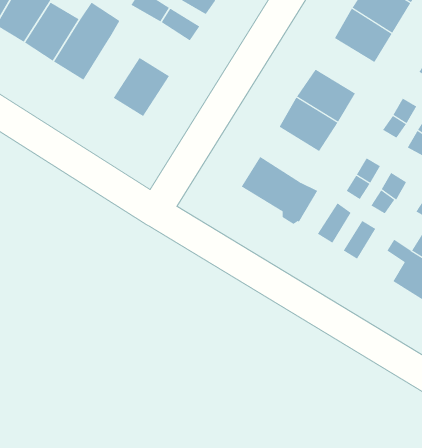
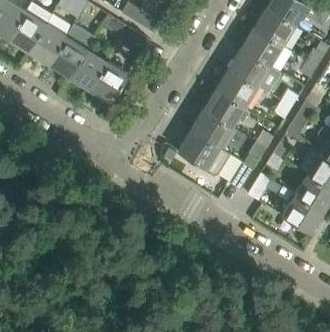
building: none -> [69,49,107,90]
building: none -> [228,49,269,87]
building: none -> [190,110,231,148]

